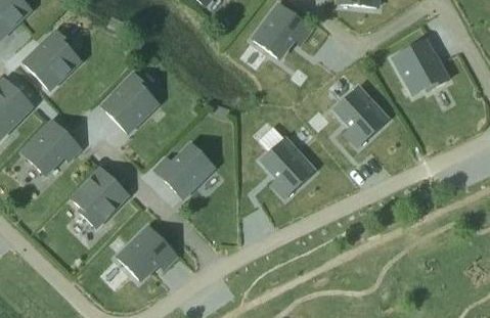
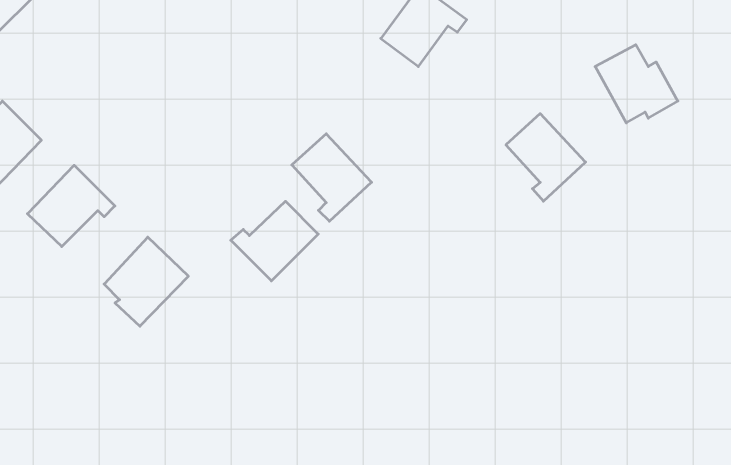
building: [24,30,79,88] -> none
building: [105,73,157,131] -> none
building: [261,137,313,194] -> [292,134,372,221]
building: [117,225,174,277] -> none

